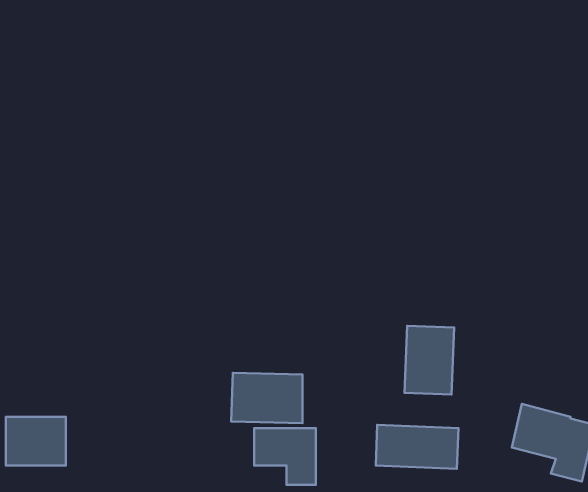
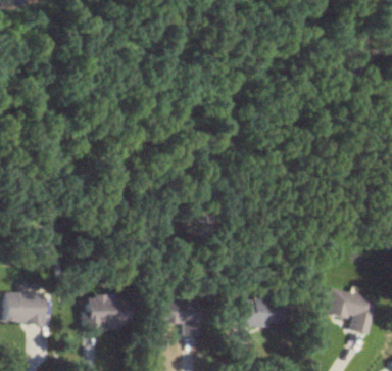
building: [405,326,454,395] -> none
building: [231,373,303,423] -> [84,296,129,328]

